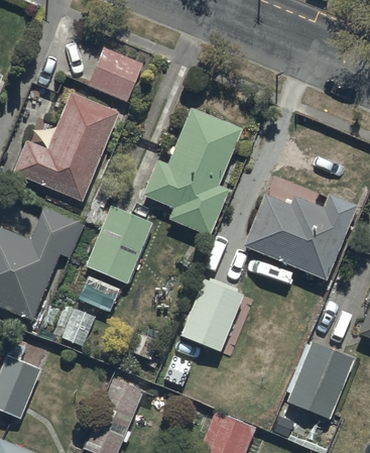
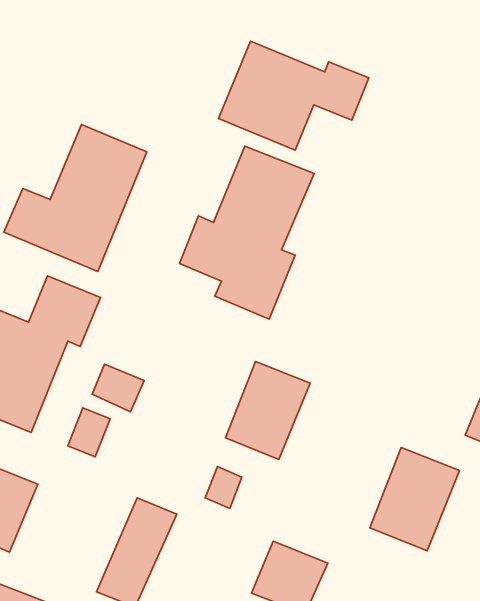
building: none -> [218,41,369,150]
building: [89,52,144,107] -> none
building: [241,189,355,275] -> none
building: [88,212,153,289] -> none

